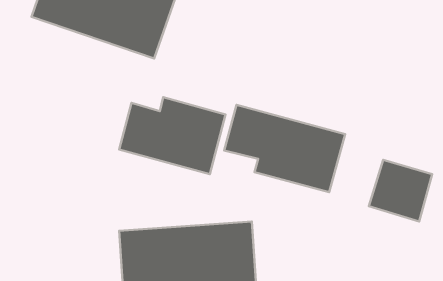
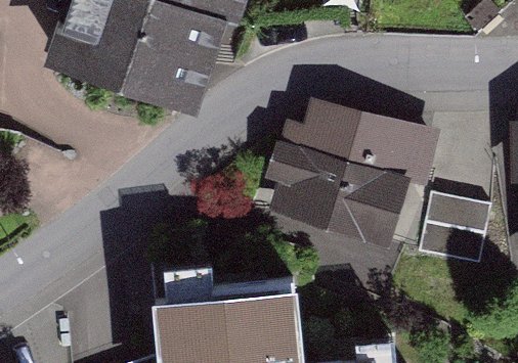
building: none -> [280,103,429,185]
building: [119,97,225,174] -> none

